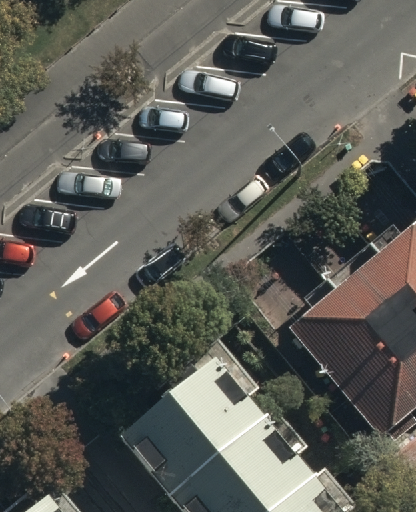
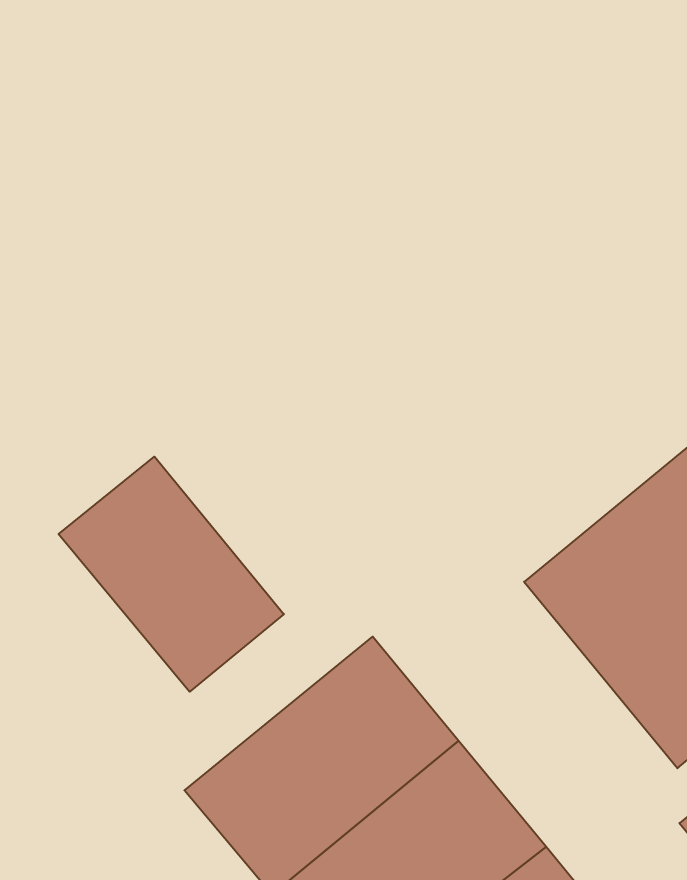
building: none -> [59,457,284,692]

